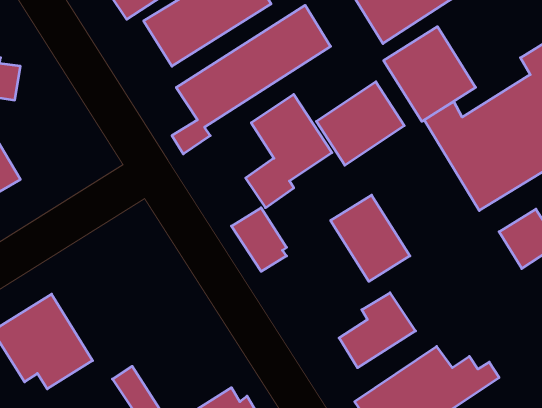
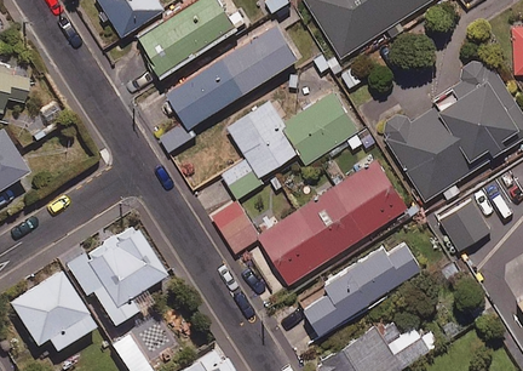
building: [384,27,476,121] -> [332,158,410,239]
building: none -> [255,209,329,286]
building: none -> [74,227,163,326]
building: none -> [347,242,423,303]

